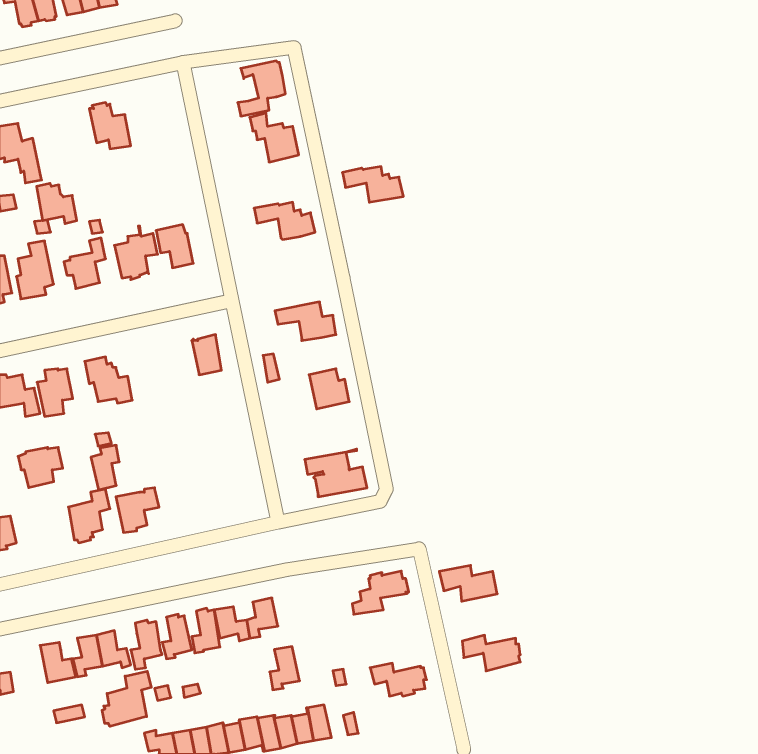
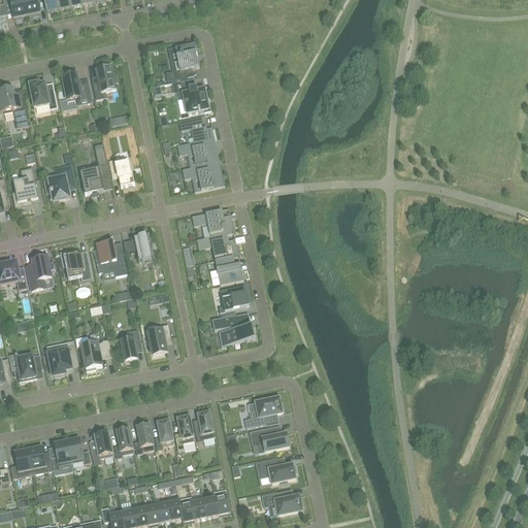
building: none -> [92,66,117,99]
building: none -> [178,114,213,142]
building: [342,167,403,202] -> [182,164,224,189]
building: [37,183,77,224] -> [29,80,57,108]
building: none -> [196,234,238,260]
building: none -> [94,240,128,275]
building: none -> [218,284,249,312]
building: [91,445,119,490] -> [120,329,139,360]
building: [18,447,63,488] -> [11,354,42,382]
building: none -> [147,323,170,354]
building: [439,565,497,601] -> [249,427,289,452]
building: [462,635,520,671] -> [262,491,302,516]
building: none -> [9,448,33,477]
building: [270,647,300,690] -> [194,410,214,440]
building: [102,671,151,726] -> none

